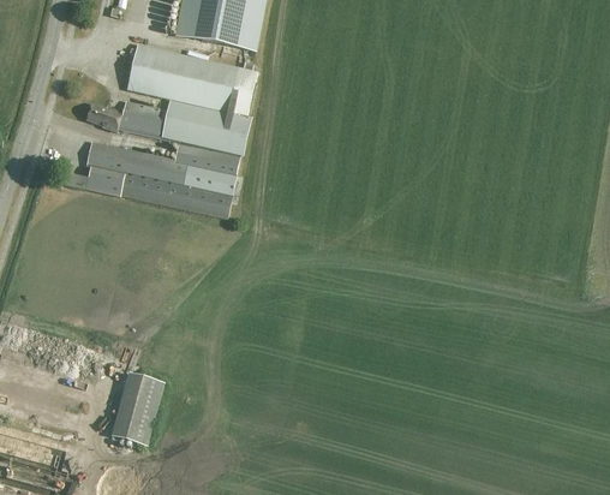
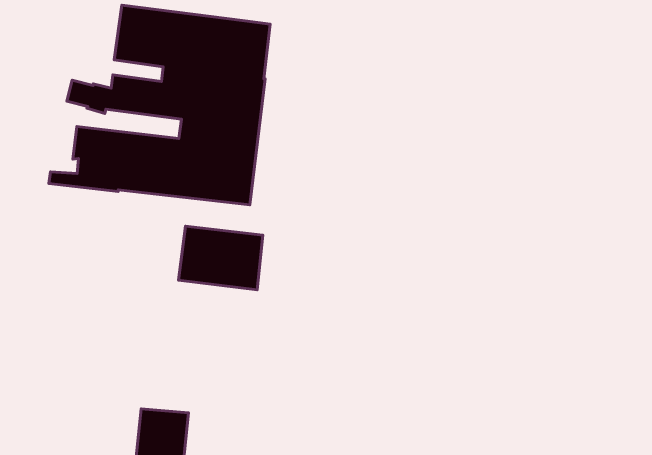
building: none -> [178,226,263,290]

